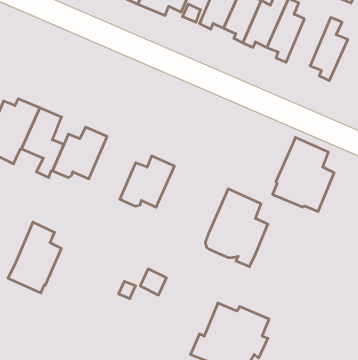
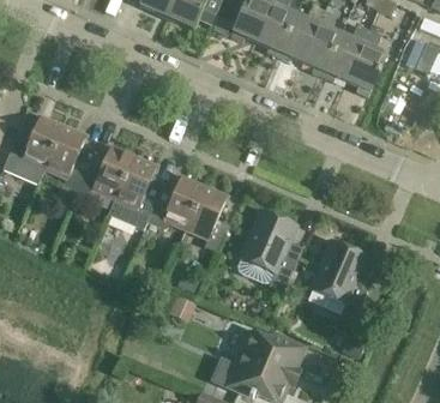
building: none -> [321,24,368,80]
building: [273,137,334,212] -> [307,240,372,318]
building: none -> [185,186,229,251]
building: [8,222,61,293] -> [107,155,163,229]

